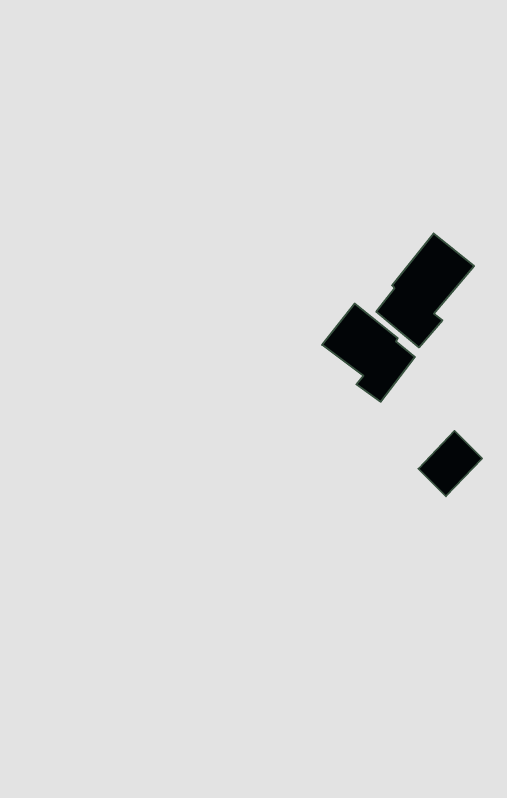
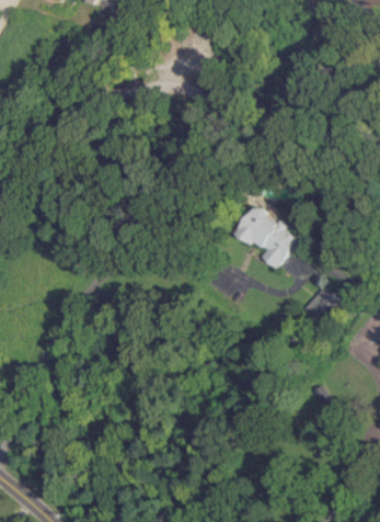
building: [376,233,474,347] -> none

